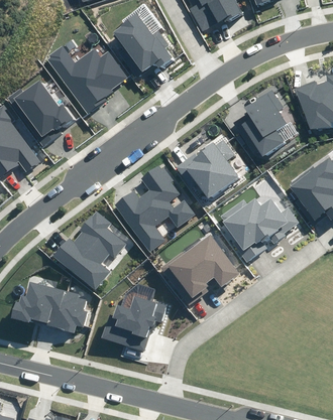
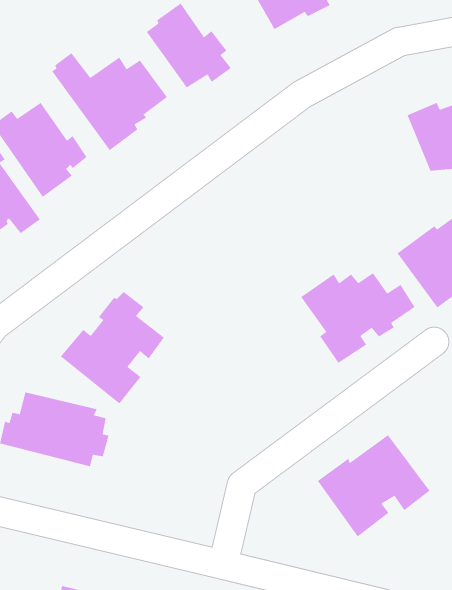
building: [235,90,286,157] -> none
building: [176,139,237,199] -> none
building: [115,165,196,252] -> none
building: [159,235,238,306] -> [317,434,430,537]
building: [101,295,166,352] -> none

